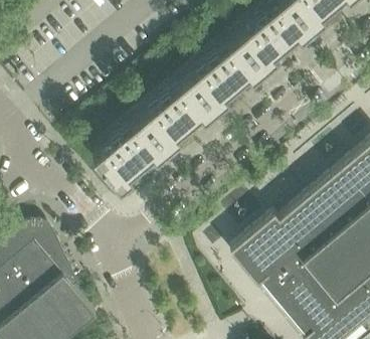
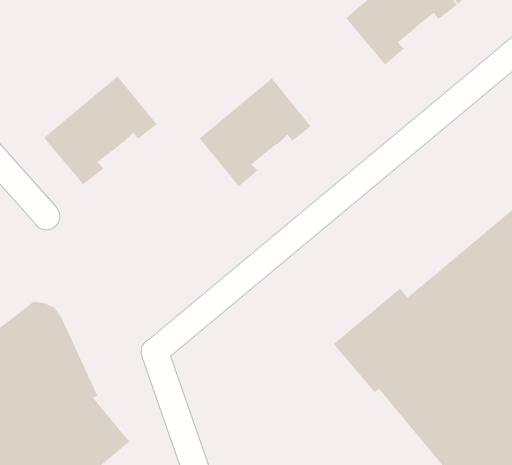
building: [190,36,264,108] -> none
building: [92,116,168,188] -> [43,76,157,185]

